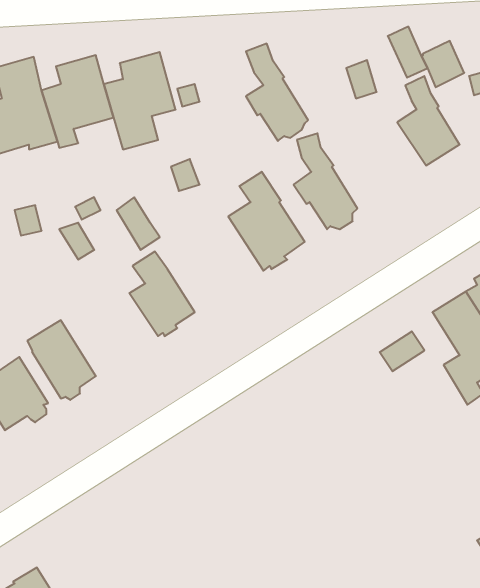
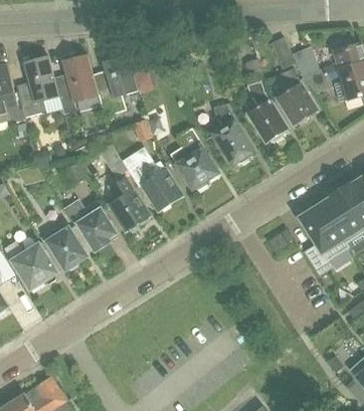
building: [246,44,308,141] -> [247,80,287,142]
building: none -> [129,156,183,211]
building: none -> [63,199,117,251]

